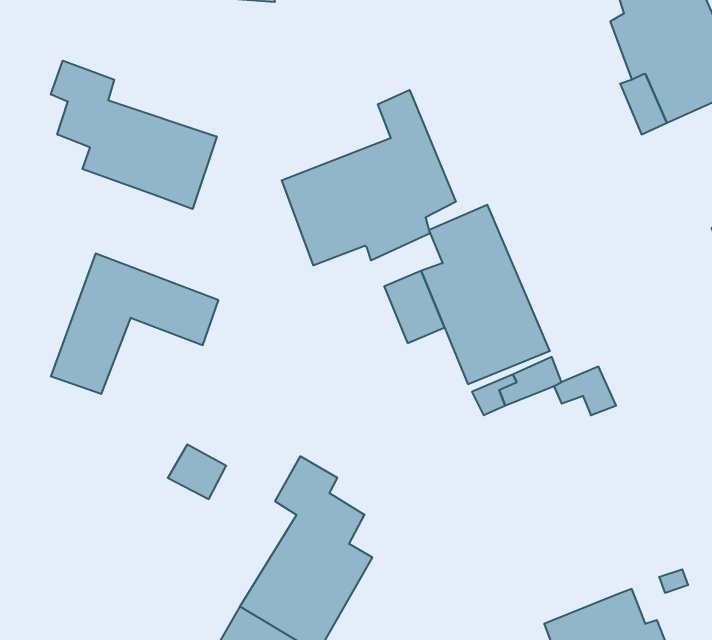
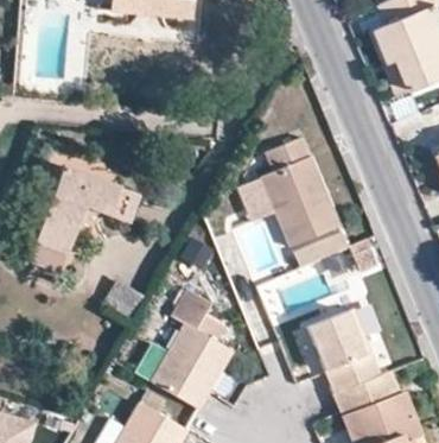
building: [51,61,217,209] -> none
building: [282,90,456,265] -> none
building: none -> [307,311,378,394]

